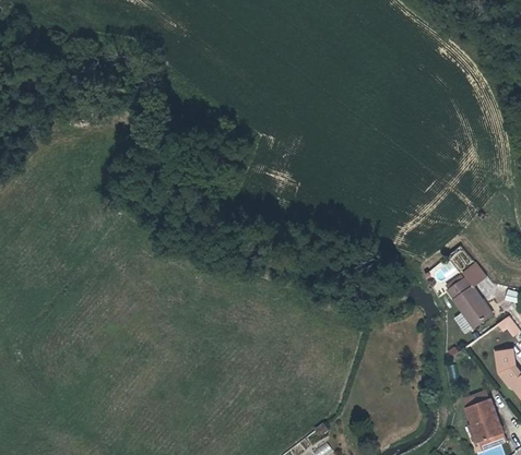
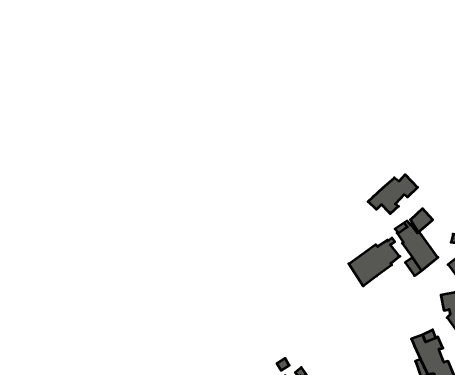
building: none -> [368,175,418,214]
building: none -> [349,238,400,286]

